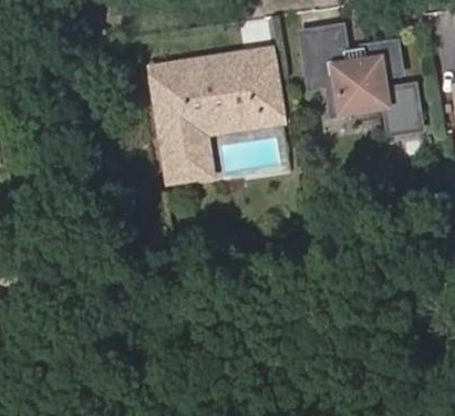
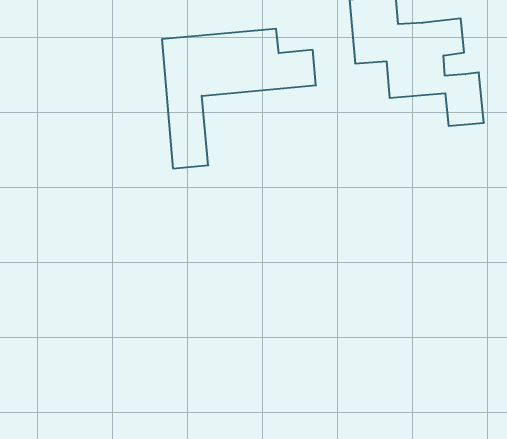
building: [149,48,276,81] -> none
building: [187,105,282,176] -> none

